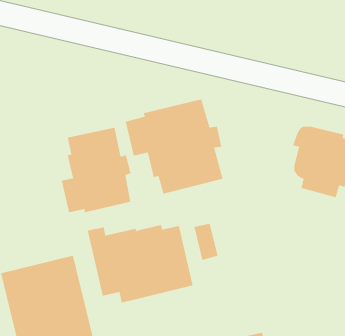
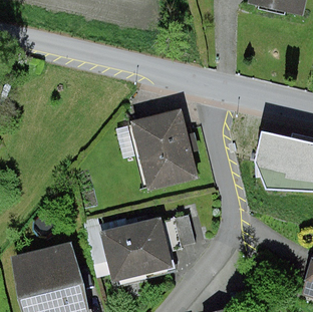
building: [61,127,131,213] -> none

